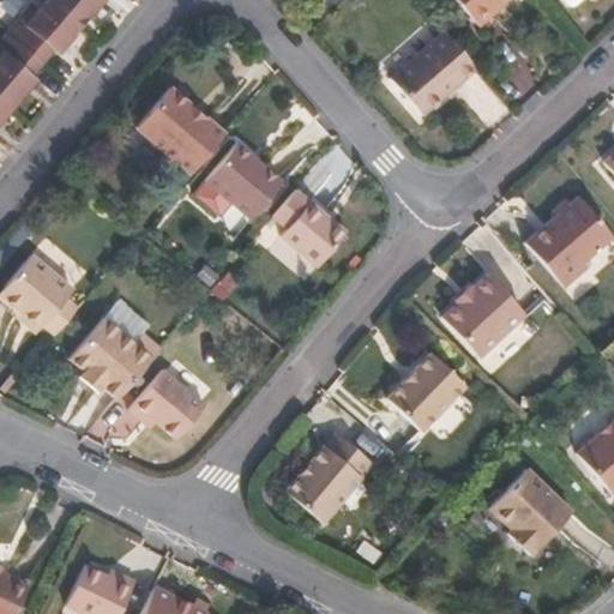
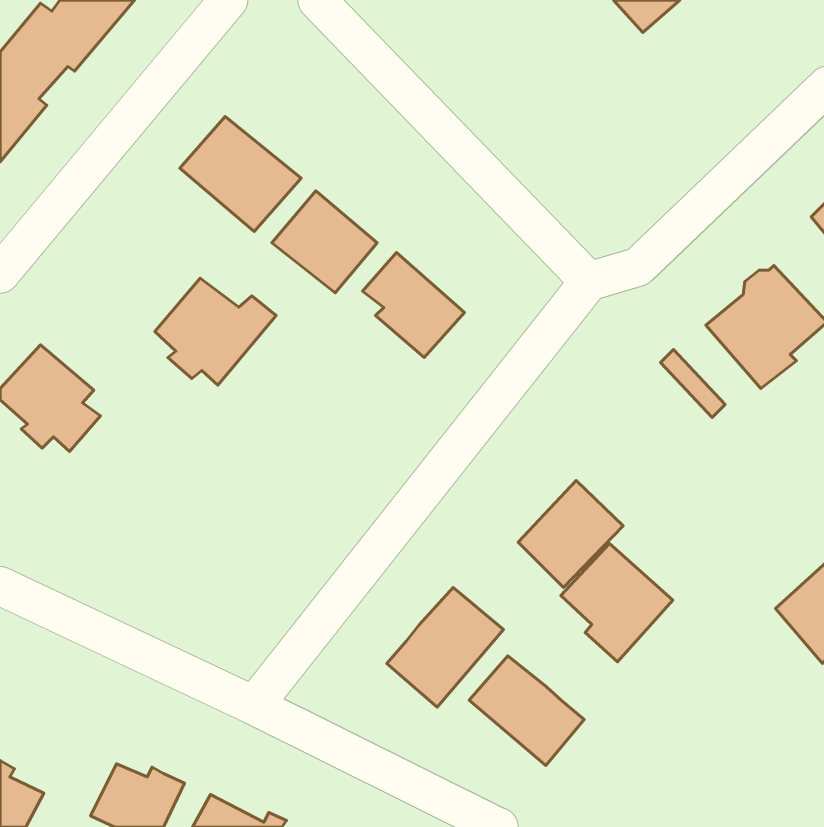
building: [391,31,477,114] -> none
building: [440,272,526,356] -> none
building: [70,319,159,398] -> [155,278,276,385]
building: [128,369,206,440] -> none
building: [492,468,574,555] -> [561,544,673,662]
building: none -> [469,656,584,765]

